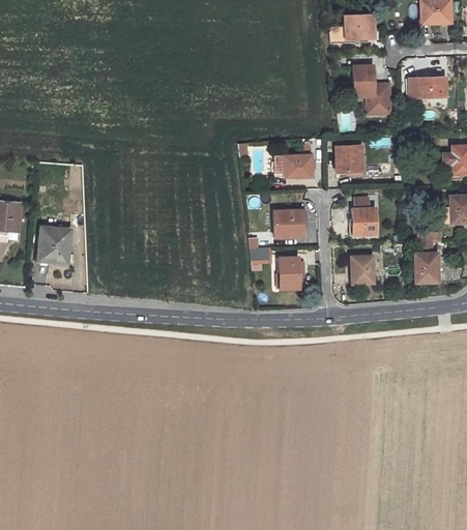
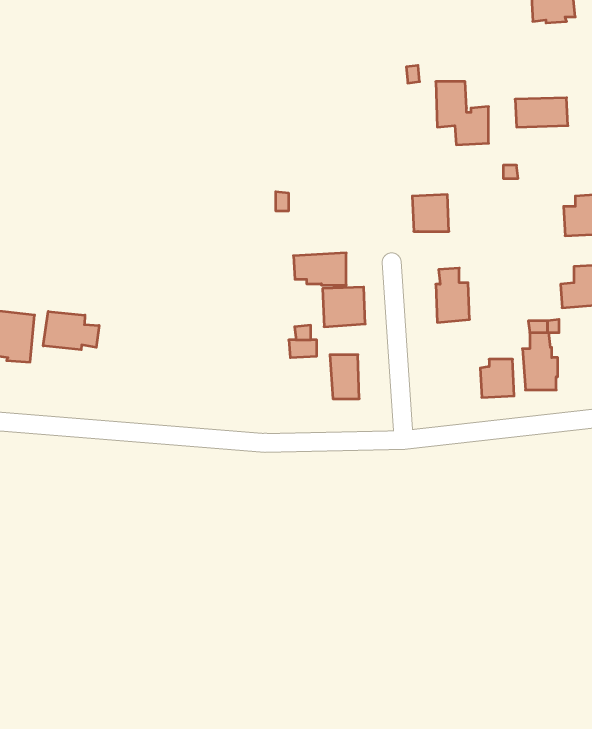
building: [330,14,375,43] -> none
building: [274,154,312,177] -> [293,253,346,285]
building: none -> [43,311,99,350]
building: [350,256,374,283] -> [480,359,514,397]

